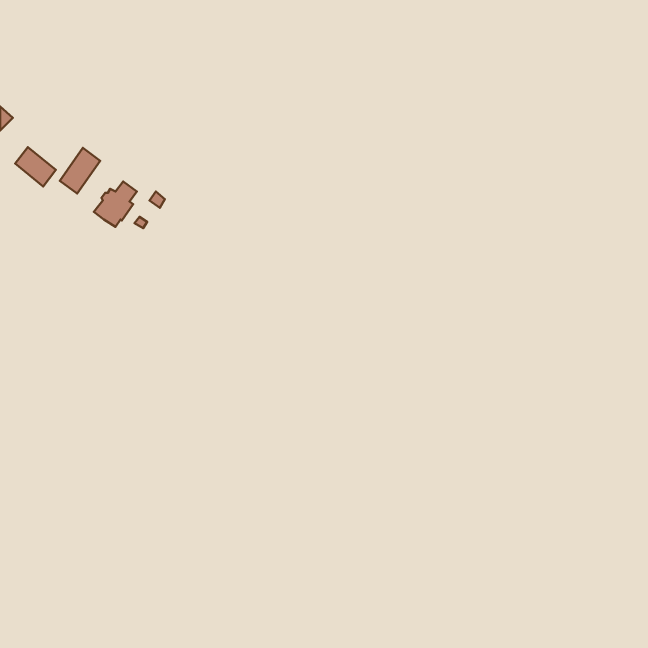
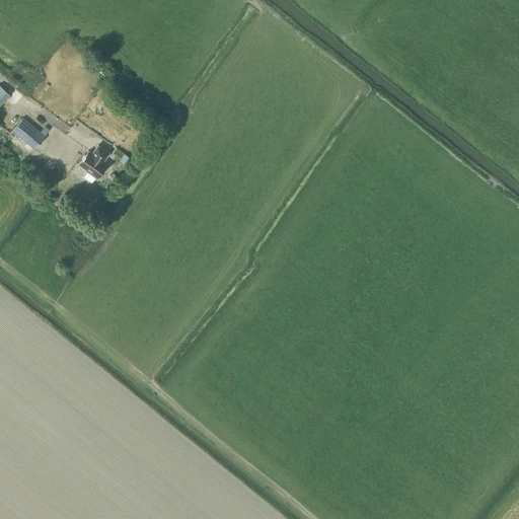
building: [60,148,100,194] -> none

